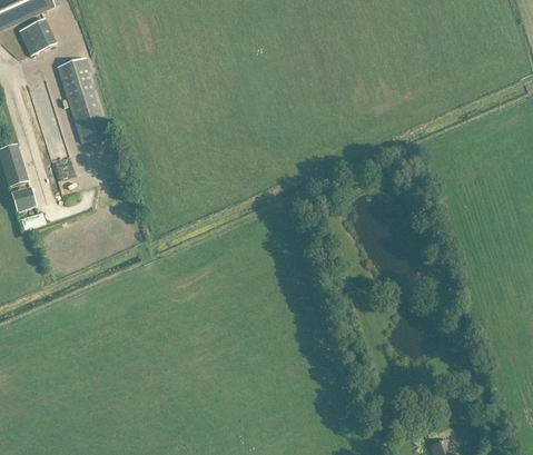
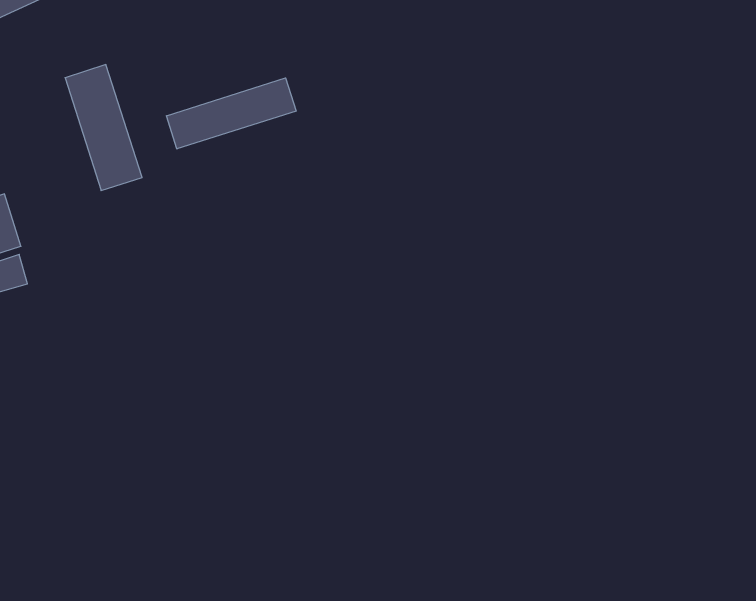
building: [20,18,57,55] -> none
building: none -> [166,78,296,149]

